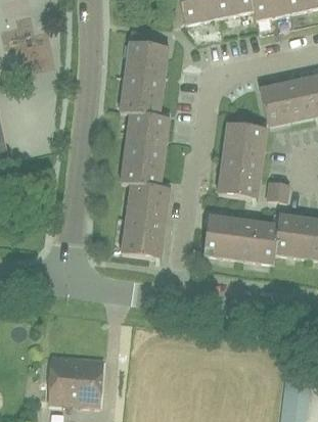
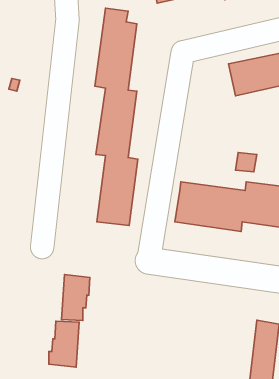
building: [218,124,262,198] -> none
building: [49,356,79,404] -> [62,275,90,320]

